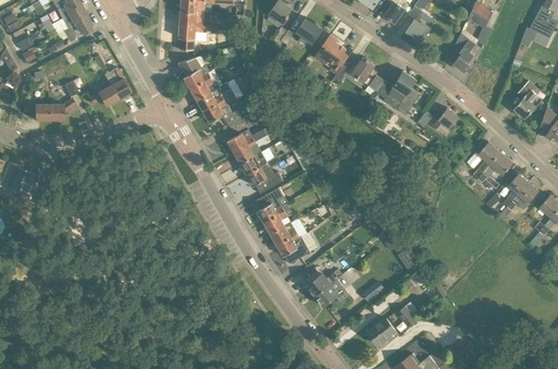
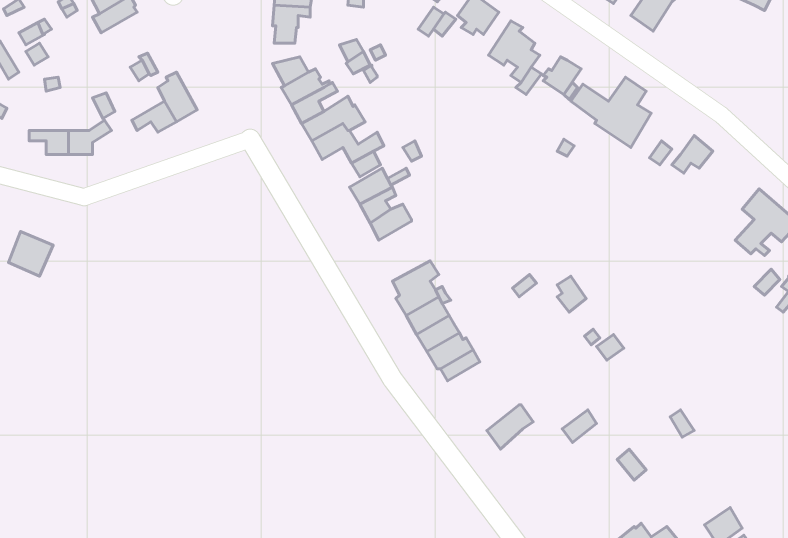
building: [452,28,478,73] -> none
building: [246,157,283,194] -> none
building: [303,266,345,295] -> none
building: [367,318,399,348] -> none

